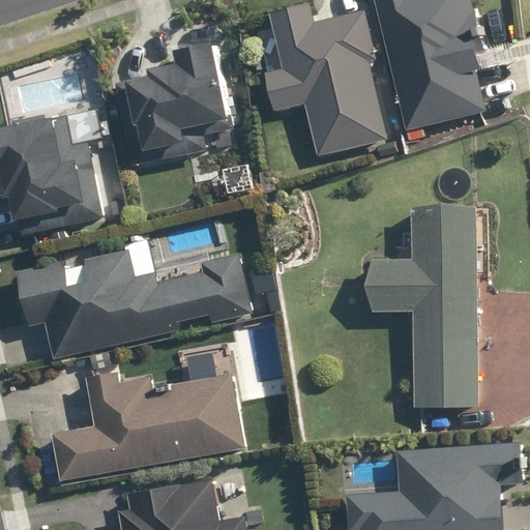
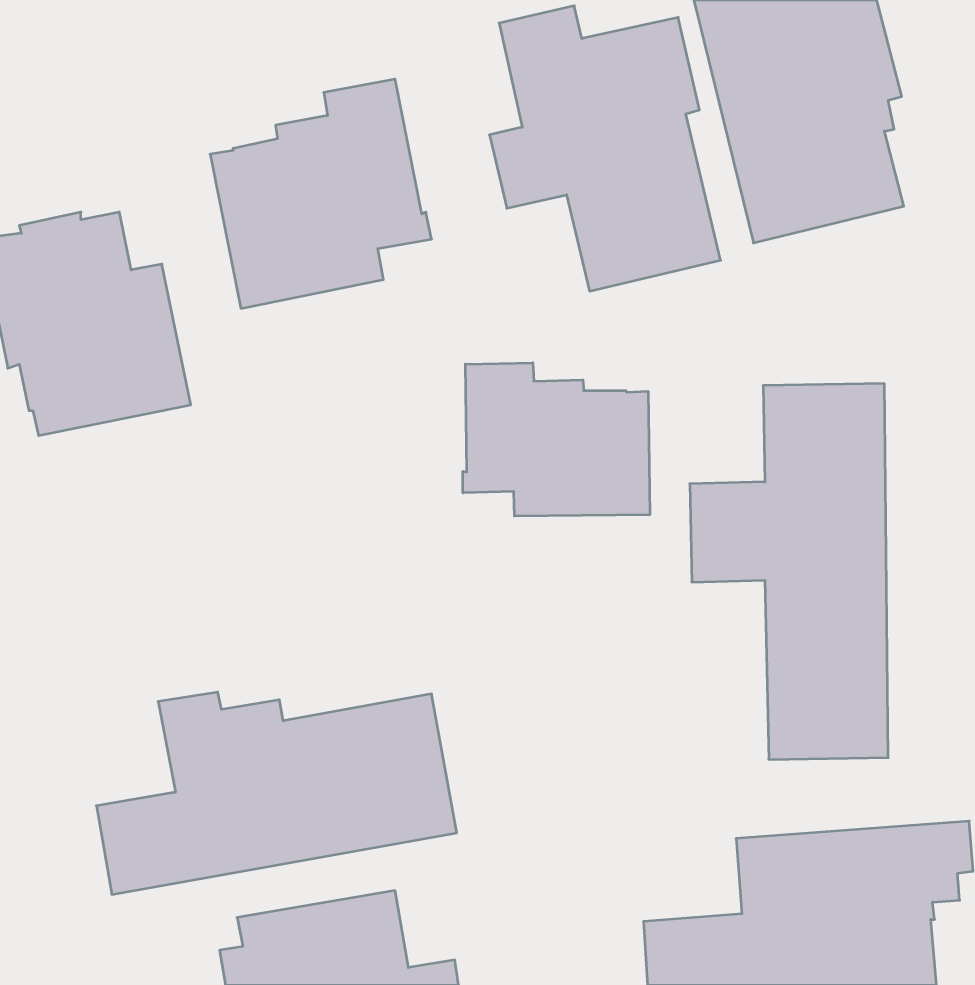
building: none -> [463,363,650,516]
building: [16,248,252,359] -> none

